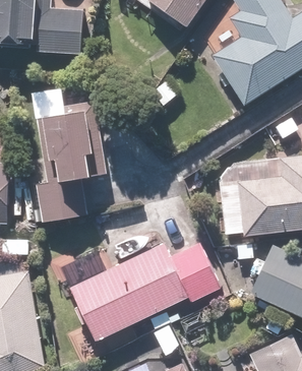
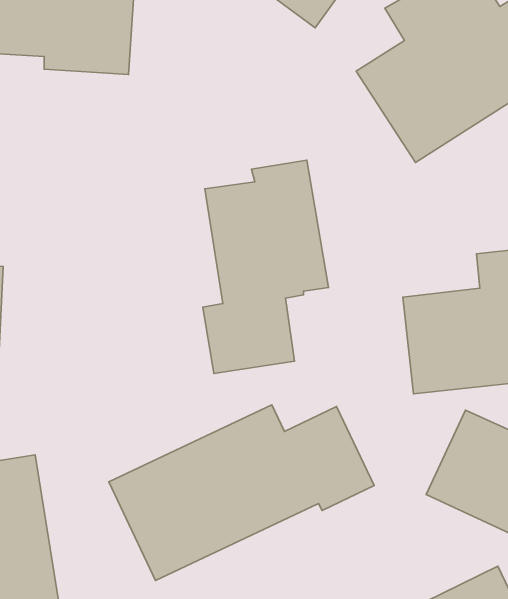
building: [36,101,107,222] -> [203,160,328,374]

